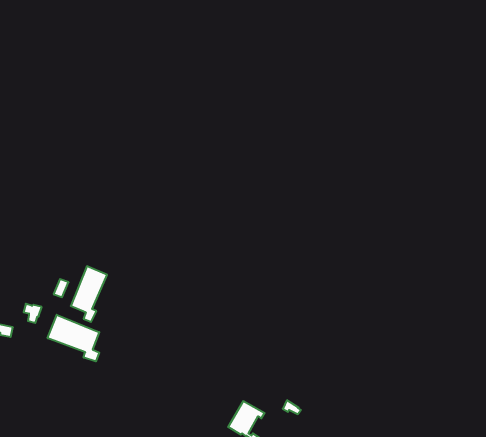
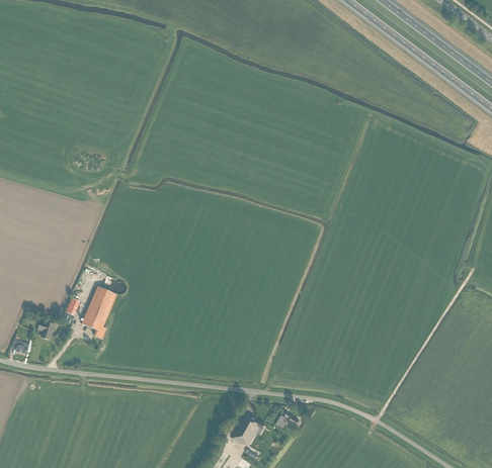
building: [48,315,99,361] -> none

